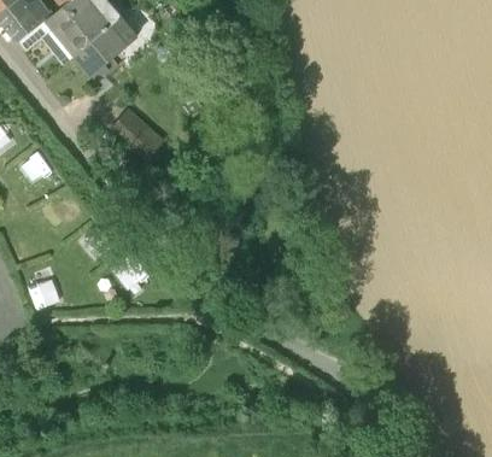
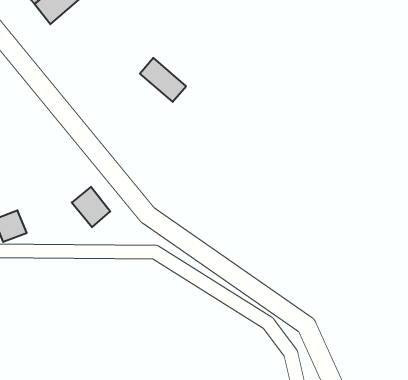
building: [110,111,159,158] -> [140,58,186,102]

